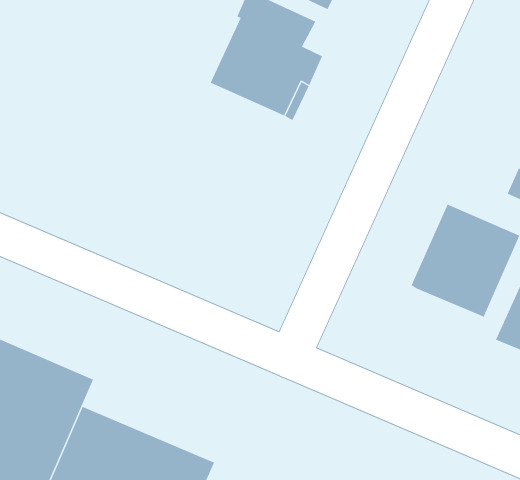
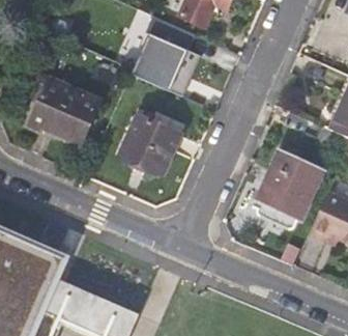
building: none -> [21,78,99,148]
building: none -> [119,110,184,174]

